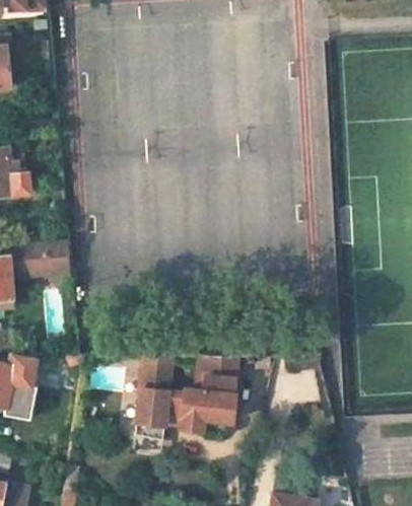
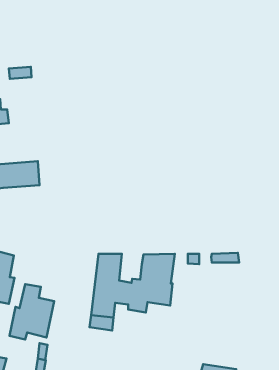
building: none -> [9,284,54,340]

